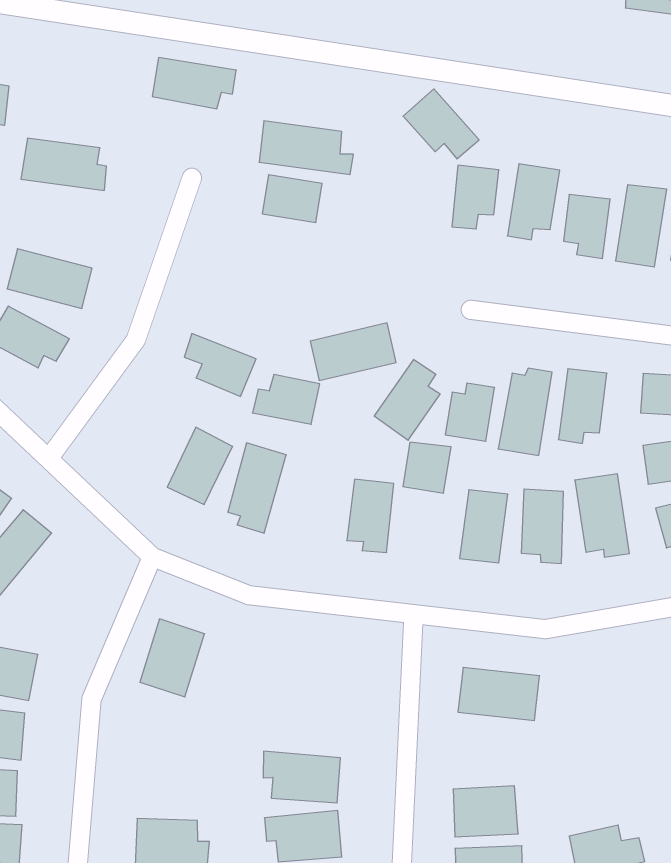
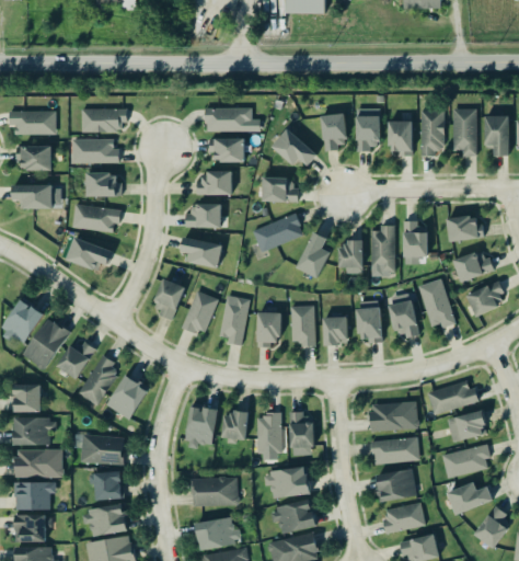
building: [152,58,236,109] -> [81,108,127,133]
building: [403,89,479,159] -> [272,128,318,167]
building: none -> [86,172,122,196]
building: none -> [198,171,232,195]
building: none -> [262,178,296,202]
building: [252,375,320,424] -> [185,203,221,228]
building: none -> [152,278,185,320]
building: [403,442,451,493] -> [323,317,347,344]
building: none -> [257,312,281,345]
building: none -> [106,373,150,420]
building: none -> [221,410,249,442]
building: none -> [427,380,478,415]
building: none -> [258,414,280,459]
building: none -> [290,412,313,455]
building: none -> [447,410,487,443]
building: none -> [372,437,418,463]
building: none -> [193,478,238,506]
building: none -> [441,444,491,478]

